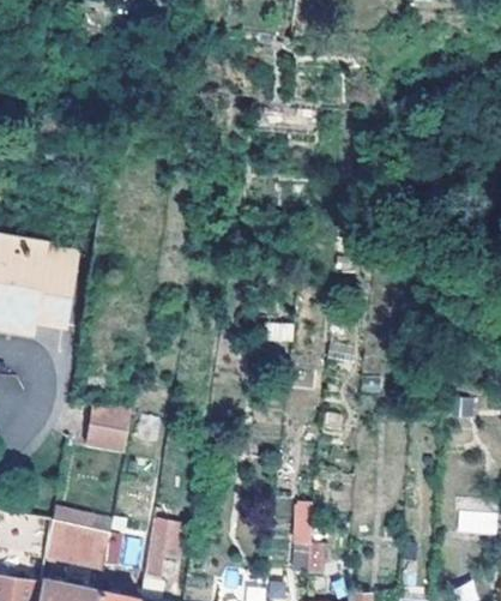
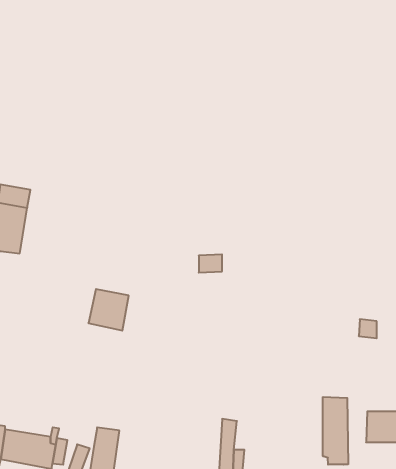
building: [86,404,132,451] -> [88,289,129,331]
building: none -> [323,397,348,465]

